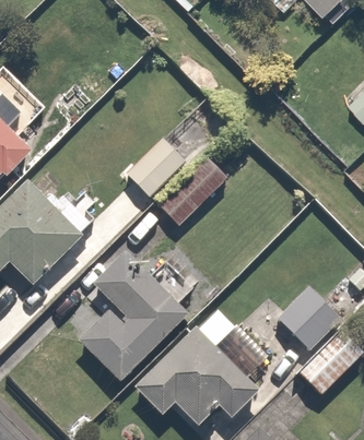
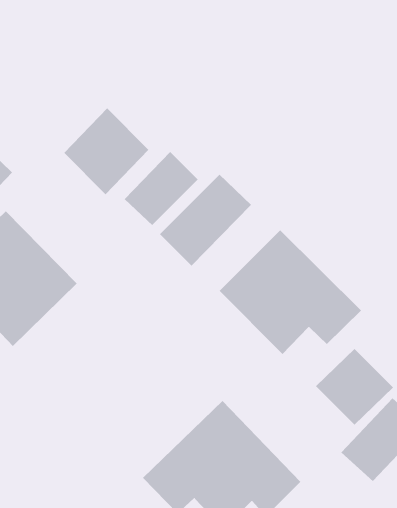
building: none -> [63,108,149,195]
building: none -> [219,230,362,355]
building: [79,252,188,381] -> none

